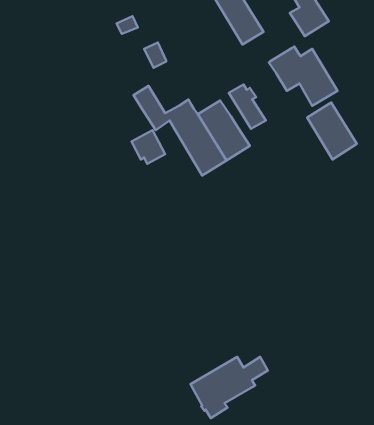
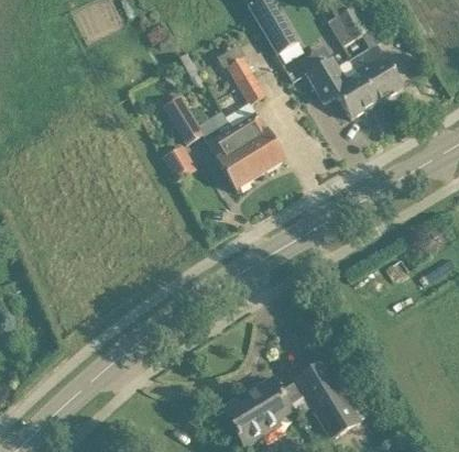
building: [229,85,266,129] -> [227,57,265,103]
building: [307,103,357,160] -> [350,43,402,102]
building: none -> [295,361,360,439]

